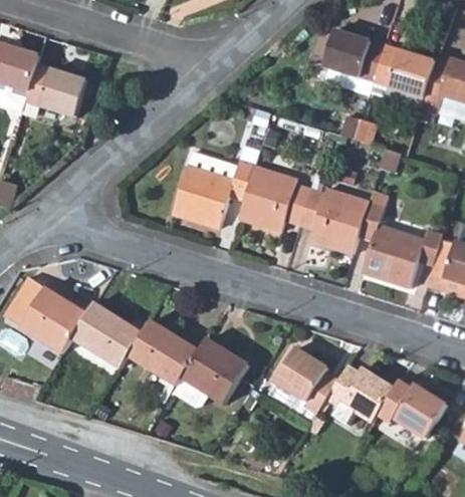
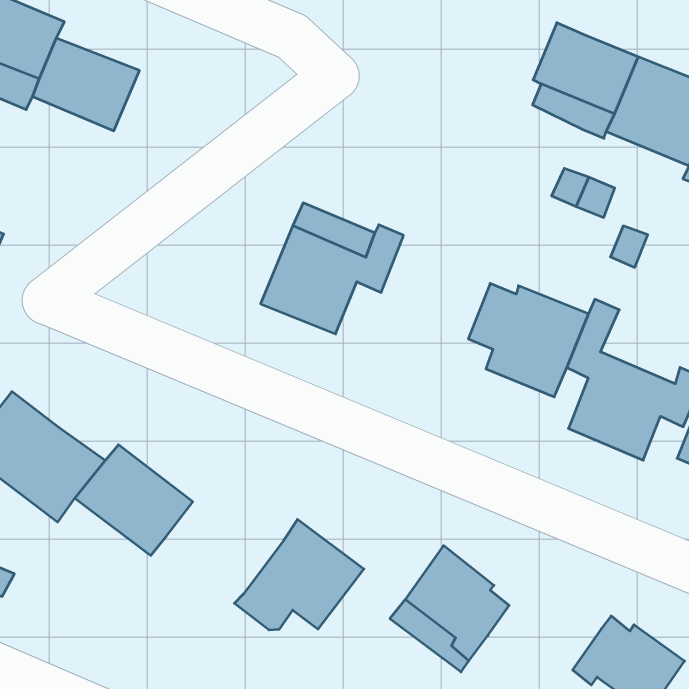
building: [239,165,309,230] -> none
building: [130,321,200,386] -> none
building: [326,363,394,423] -> none

